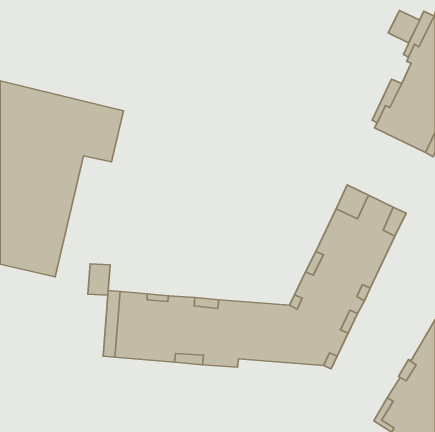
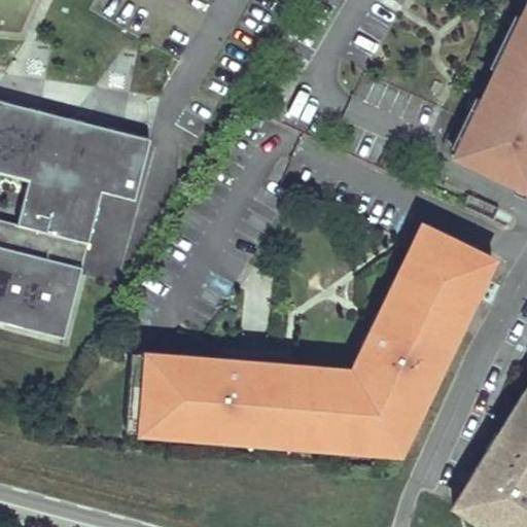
building: [388,10,420,43] -> none
building: [88,264,110,295] -> none

